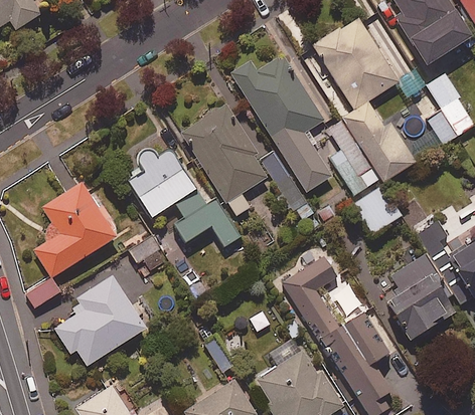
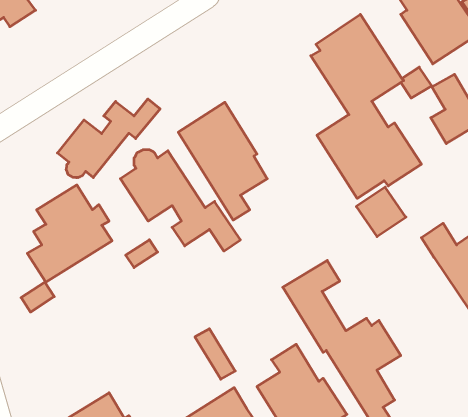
building: [230,54,332,221] -> none
building: none -> [57,99,160,178]
building: [389,253,454,340] -> none
building: [54,275,146,367] -> none

